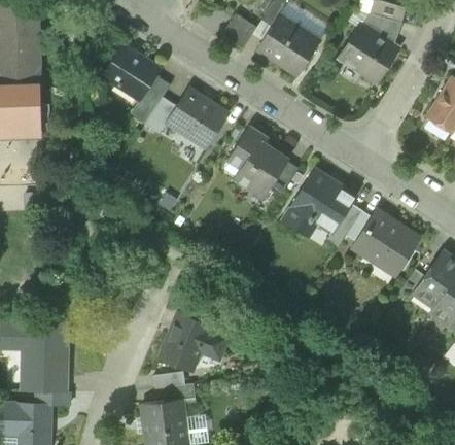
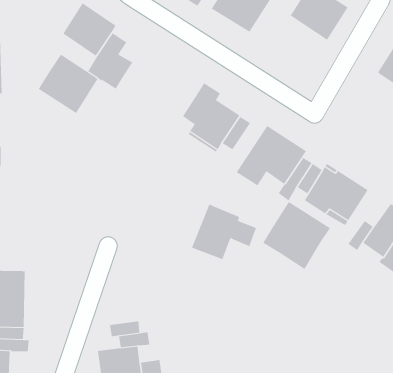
building: [166,88,229,149] -> [38,54,98,114]
building: none -> [263,201,331,270]
building: [160,313,228,371] -> [191,204,257,260]

